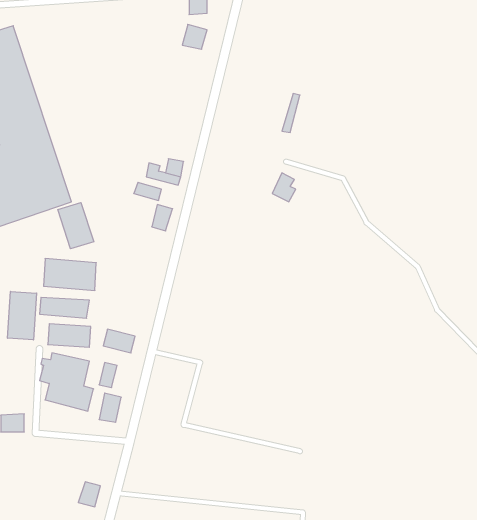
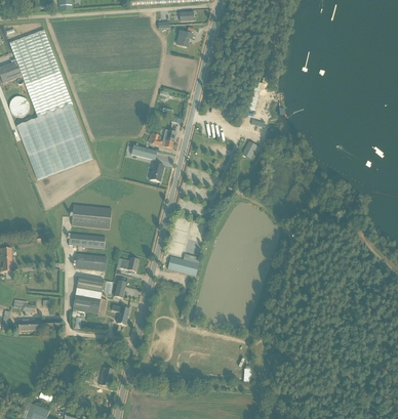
building: [58,203,94,249] -> none
building: [8,291,37,340] -> none
building: none -> [165,254,199,276]

